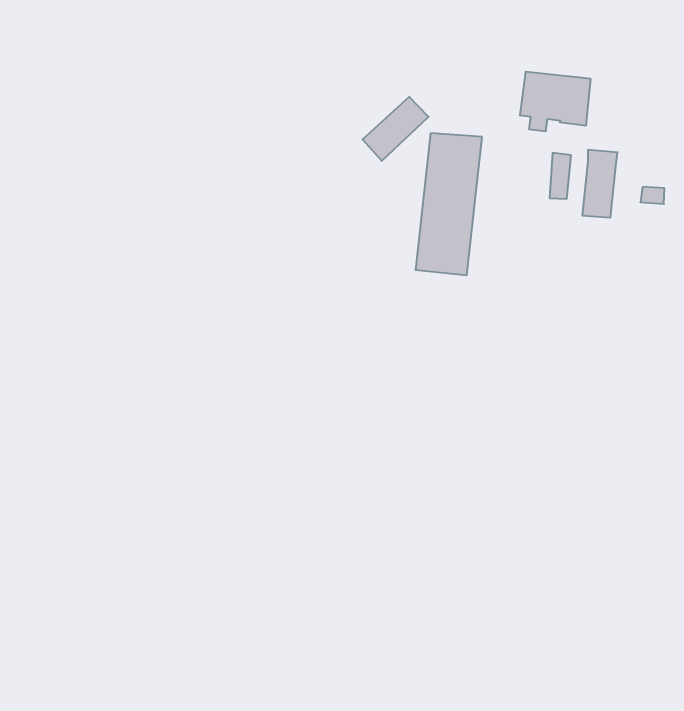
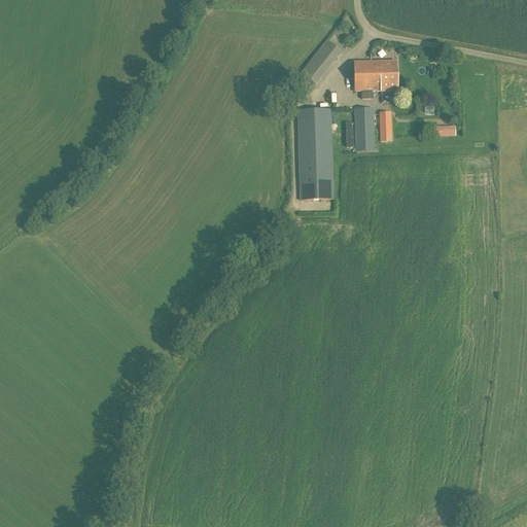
building: [362,97,429,161] -> [300,37,341,81]
building: [582,150,618,218] -> [353,107,374,151]

